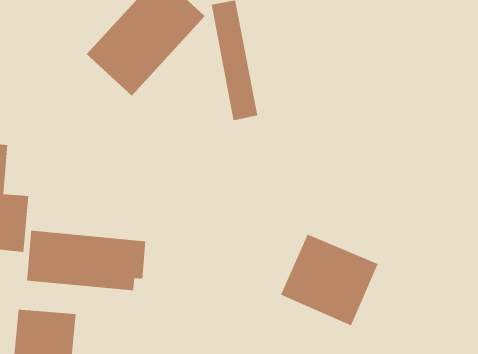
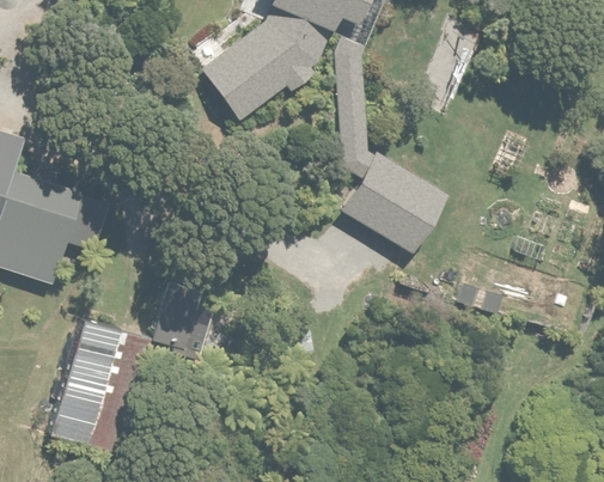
building: [26,230,146,291] -> none
building: [280,234,378,326] -> [332,154,437,255]

